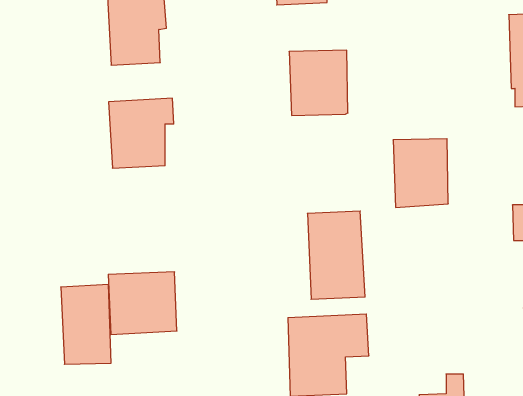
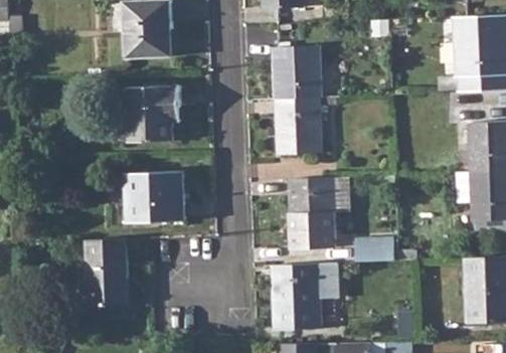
building: [393,139,448,207] -> [275,99,320,155]
building: [108,272,177,335] -> [127,171,183,222]
building: none -> [356,237,393,261]

